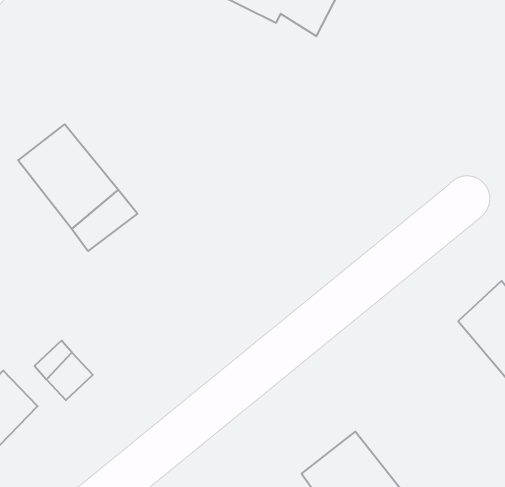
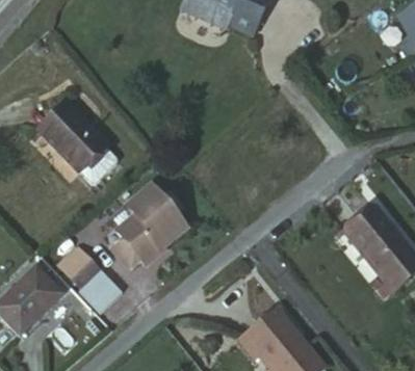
building: none -> [111,182,187,266]
building: none -> [78,271,124,319]

